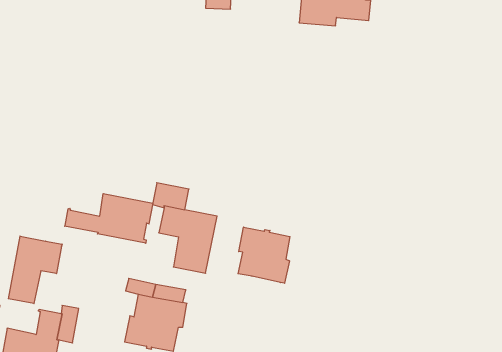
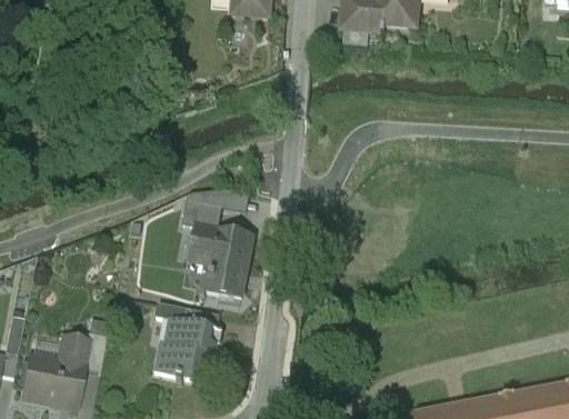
building: [65,194,153,243] -> none
building: [238,227,290,283] -> none
building: [8,236,62,304] -> none

